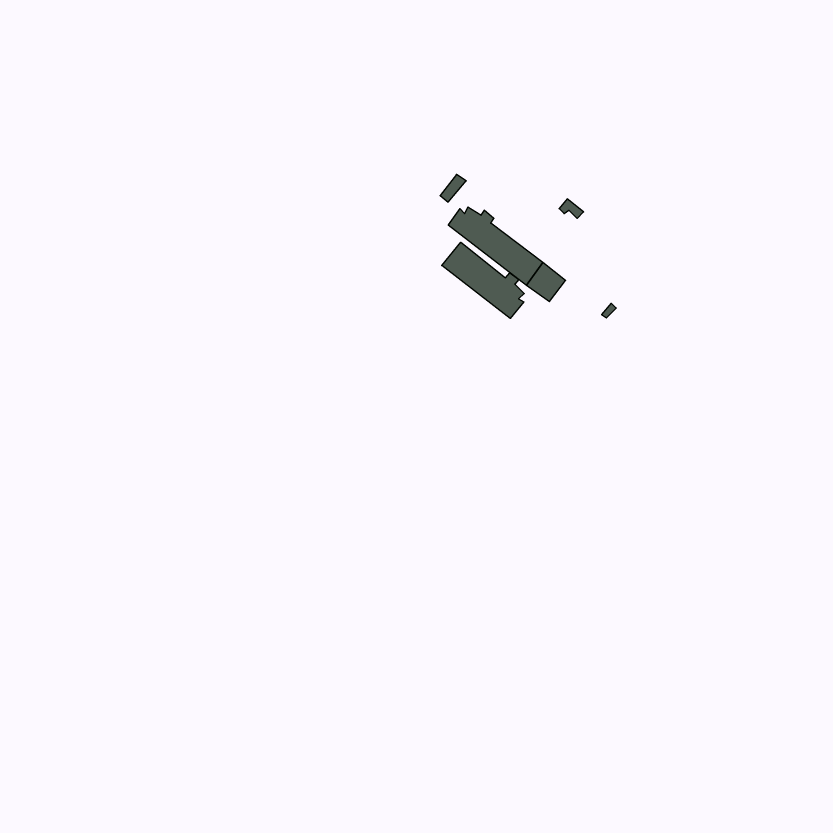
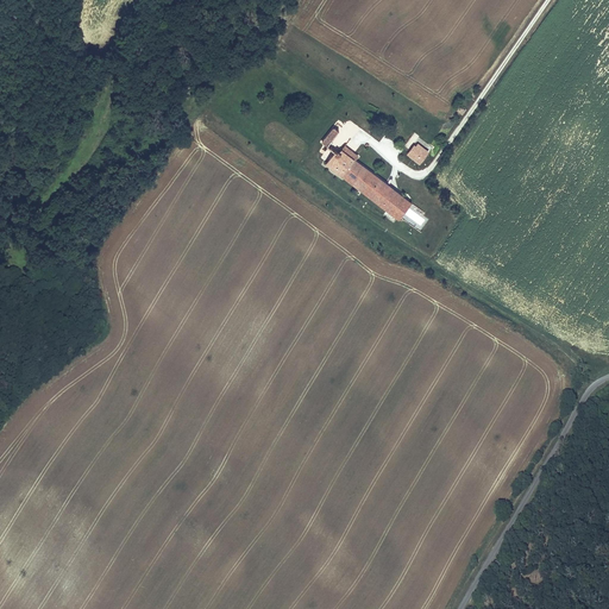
building: [442,242,524,318] -> none

